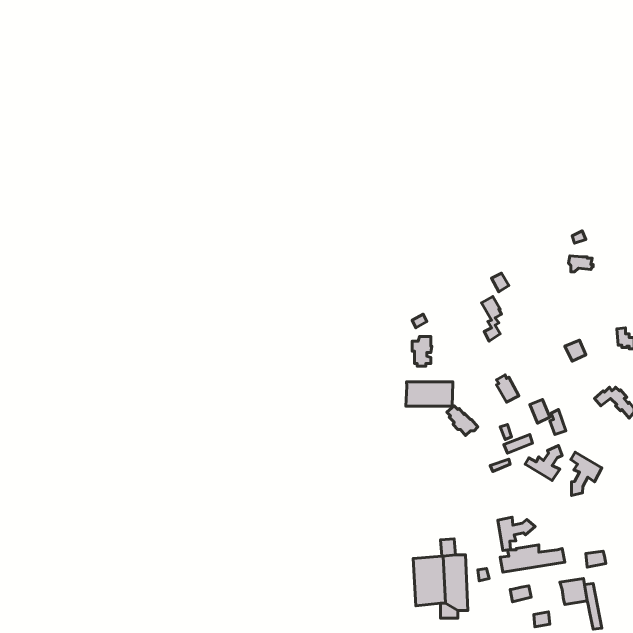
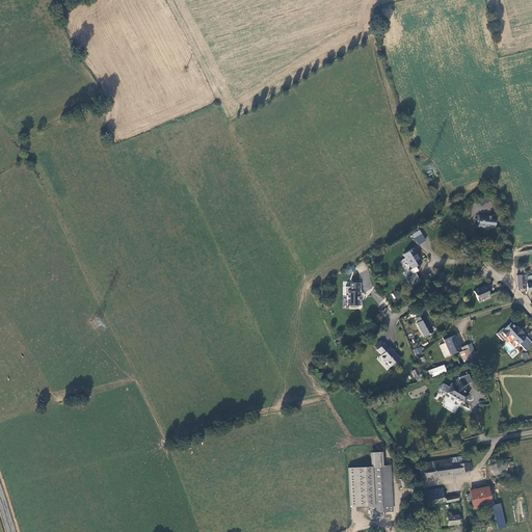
building: [406,382,453,406] -> none
building: [571,452,602,496] -> none
building: [498,517,535,551] -> none

